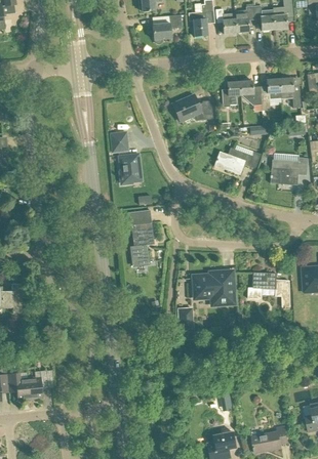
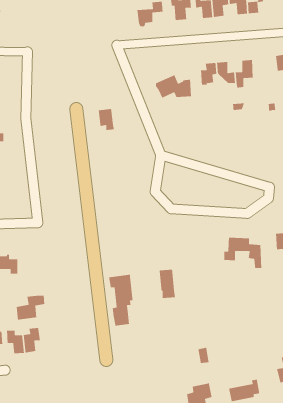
building: [279,77,300,108] -> none
building: [213,147,261,174] -> none
building: [118,153,142,184] -> none
building: [270,157,307,184] -> none
building: [125,209,153,266] -> [108,274,134,327]
building: [188,270,234,303] -> none
building: none -> [16,295,45,320]

